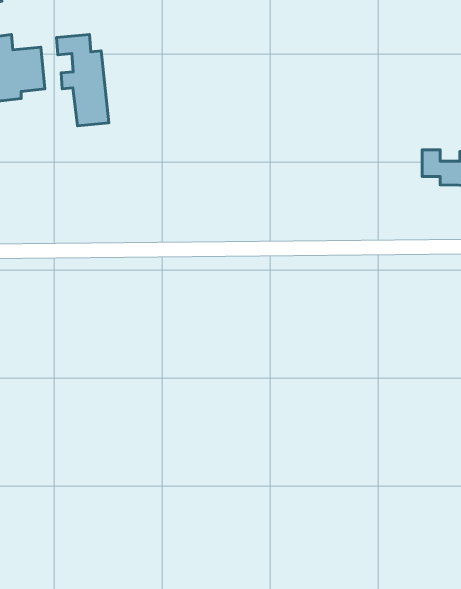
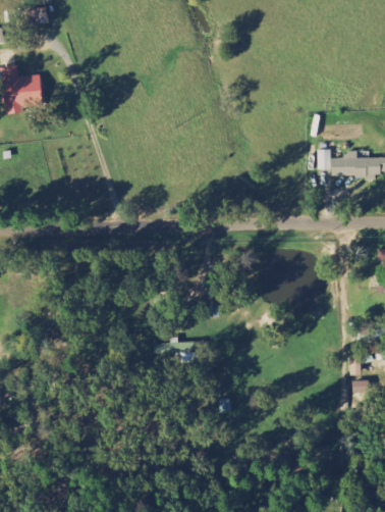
building: [56,35,109,126] -> none

